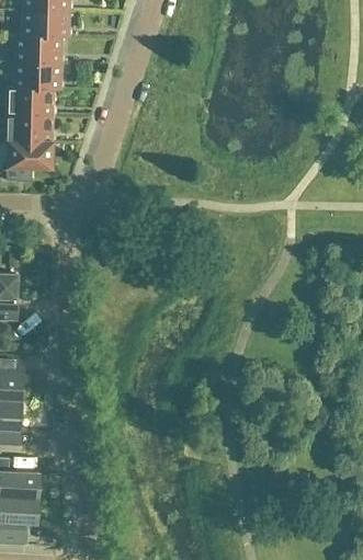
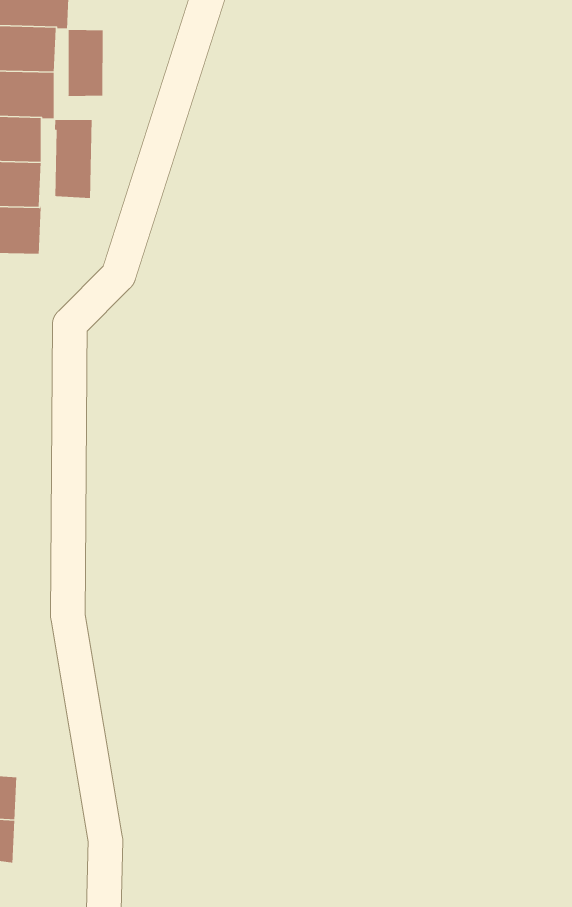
building: none -> [66,29,103,97]
building: none -> [54,119,93,199]

